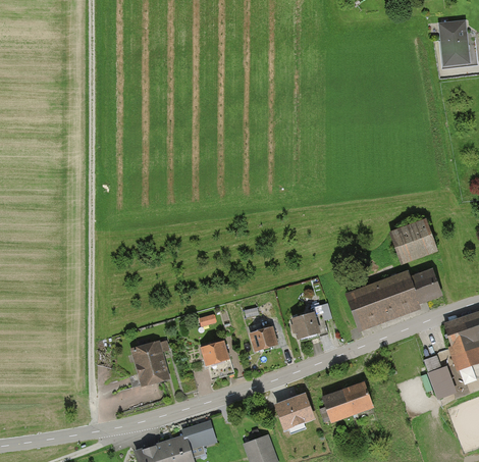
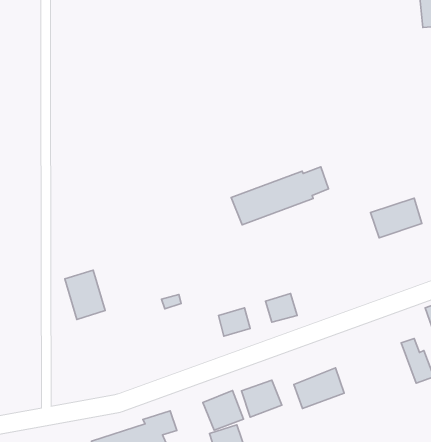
building: [347,270,437,324] -> [231,167,328,225]
building: [134,341,171,387] -> [65,270,105,319]
building: [203,341,231,365] -> none
building: none -> [203,390,243,430]

